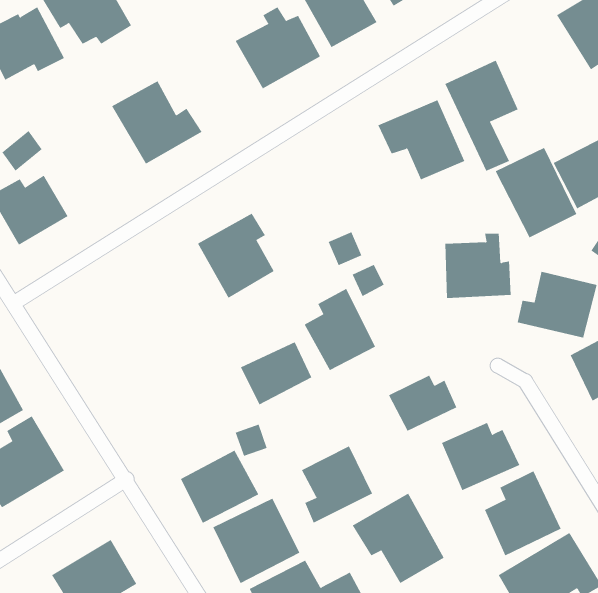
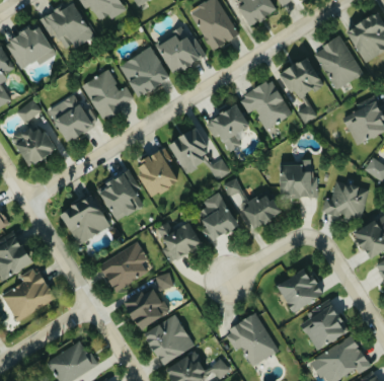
building: none -> [120,47,168,95]
building: none -> [48,92,96,141]
building: none -> [205,103,248,151]
building: [495,147,577,238] -> [314,35,363,89]
building: none -> [167,127,212,173]
building: none -> [96,172,144,221]
building: none -> [58,193,111,245]
building: none -> [98,241,149,292]
building: [388,375,457,431] -> [241,195,282,228]
building: [301,445,373,523] -> none

